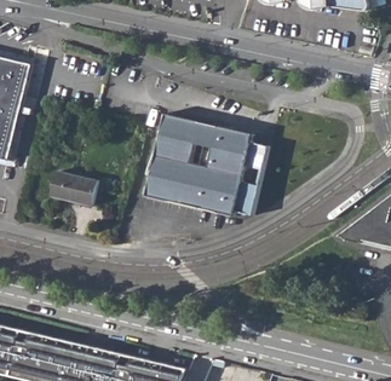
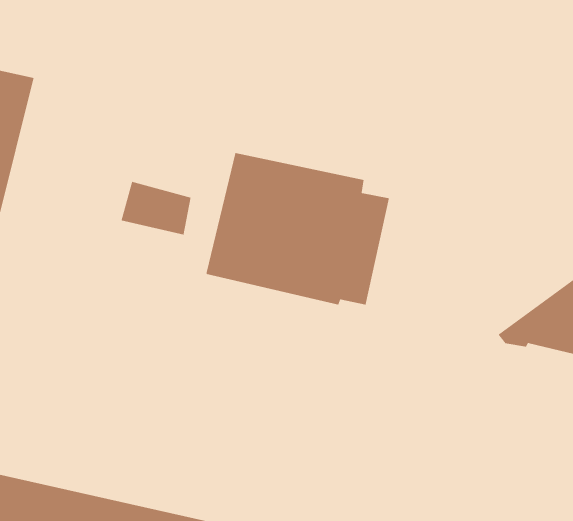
building: [48,169,96,206] -> [120,181,192,236]

